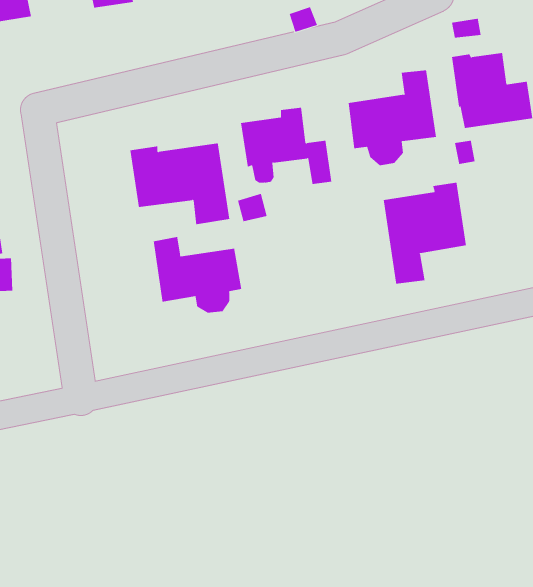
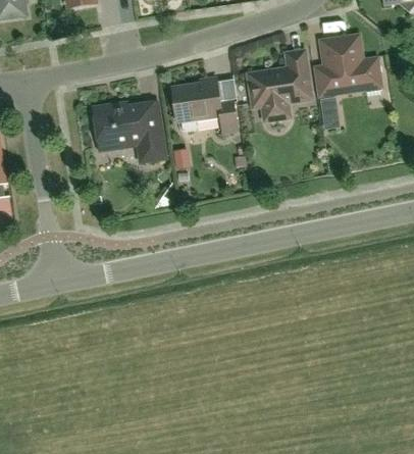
building: [383,182,466,284] -> none
building: [153,236,242,313] -> none

